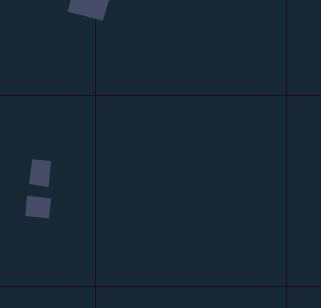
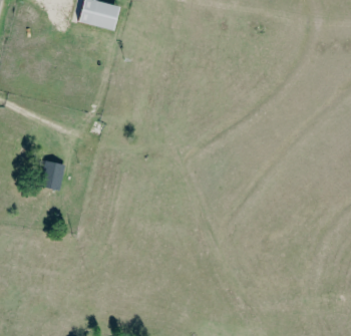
building: [24,195,52,219] -> none

